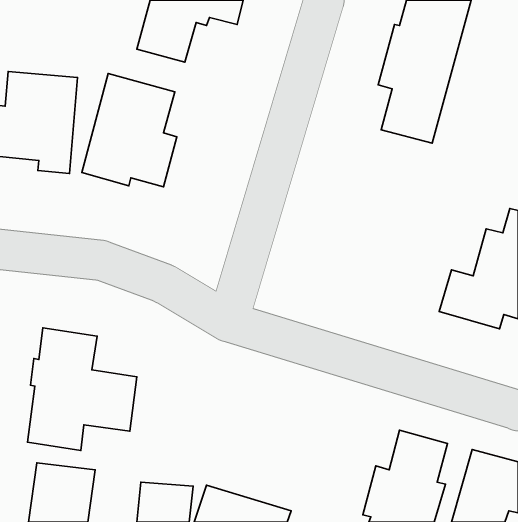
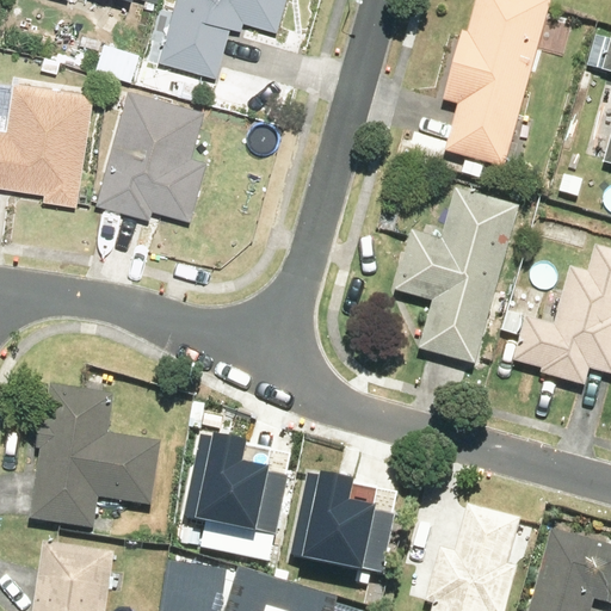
building: none -> [394,185,523,365]
building: none -> [175,430,280,535]
building: none -> [283,475,394,580]

